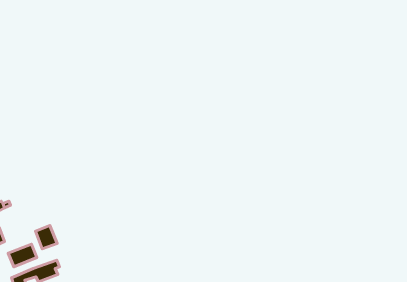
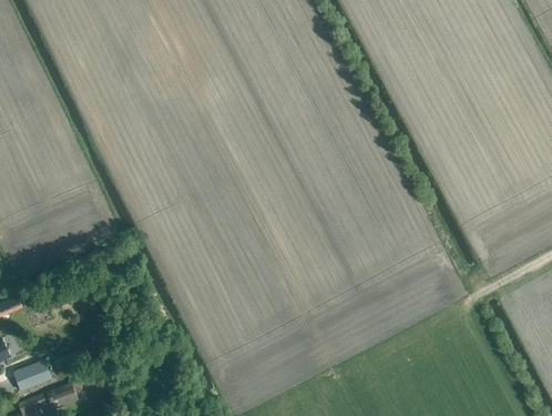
building: [36,225,57,249] -> none

